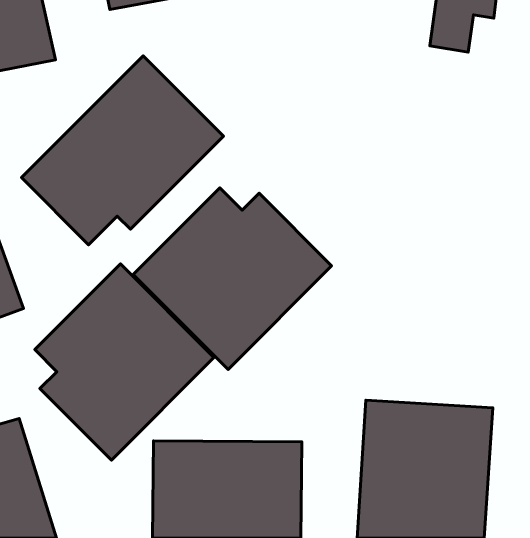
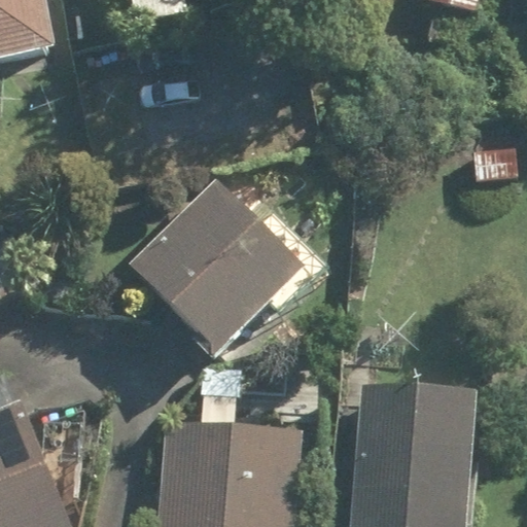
building: [21,56,223,245] -> none
building: [35,264,214,460] -> none

